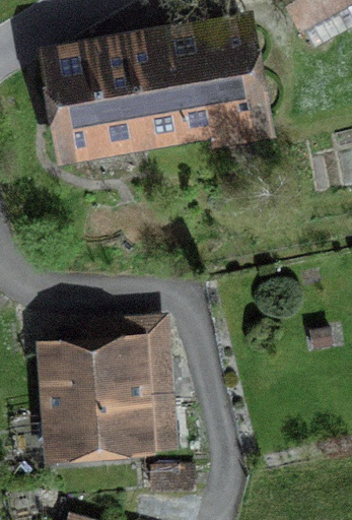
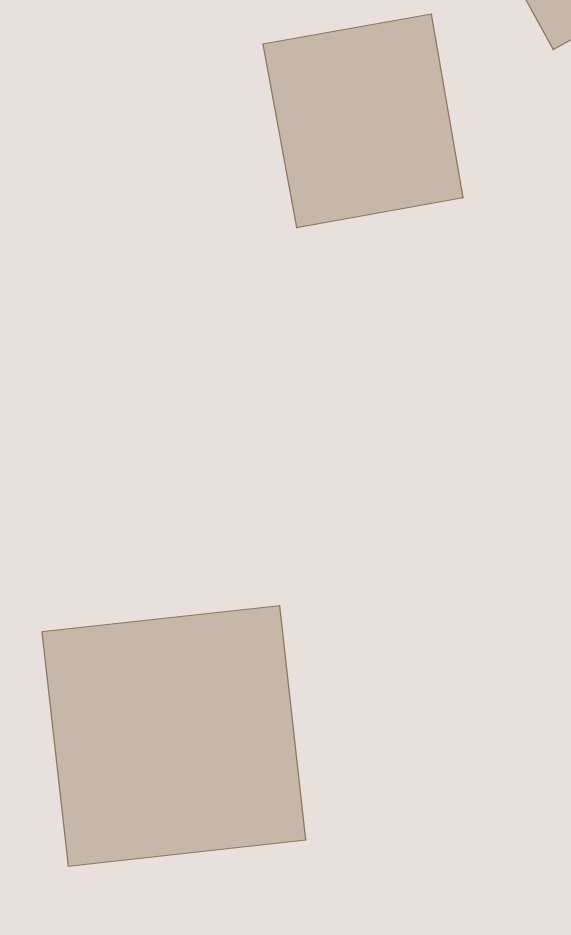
building: [36,24,172,145] -> none

